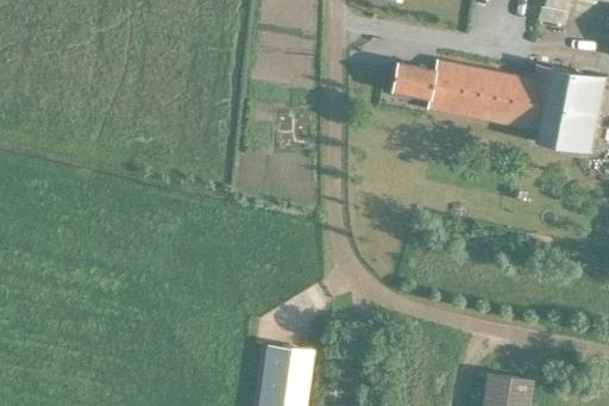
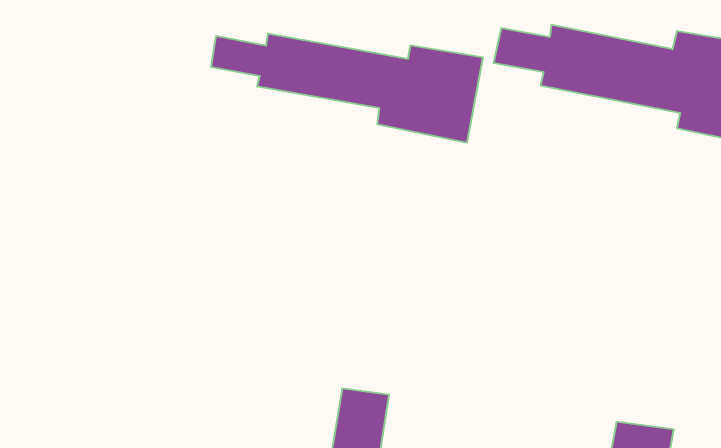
building: none -> [211,33,483,143]

